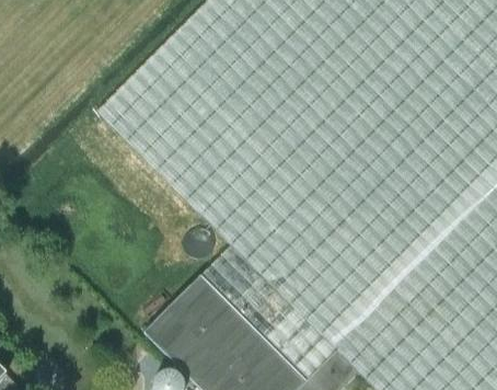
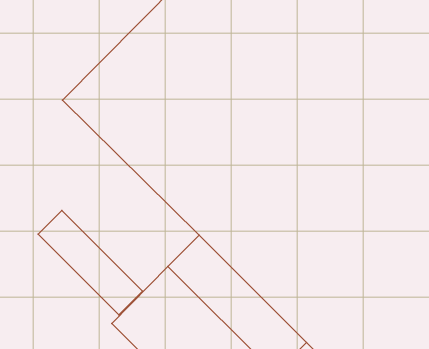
building: none -> [38,211,142,315]

